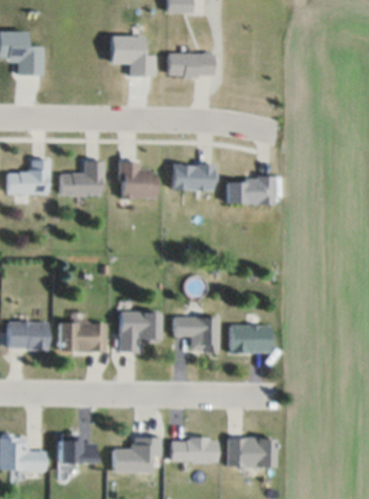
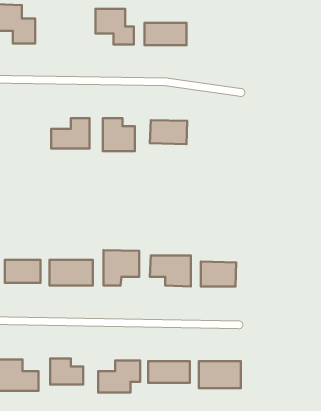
building: [7,160,48,194] -> none
building: [226,177,280,205] -> none

